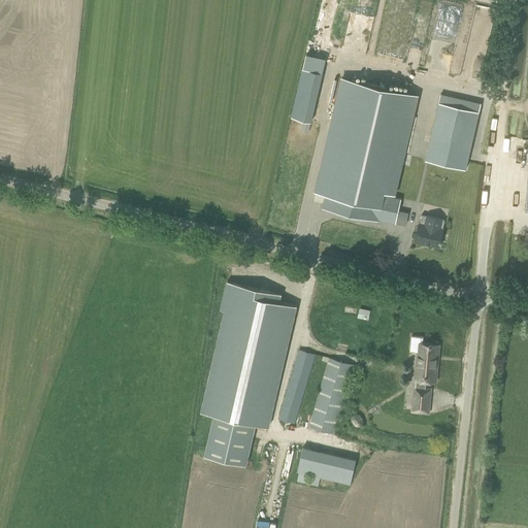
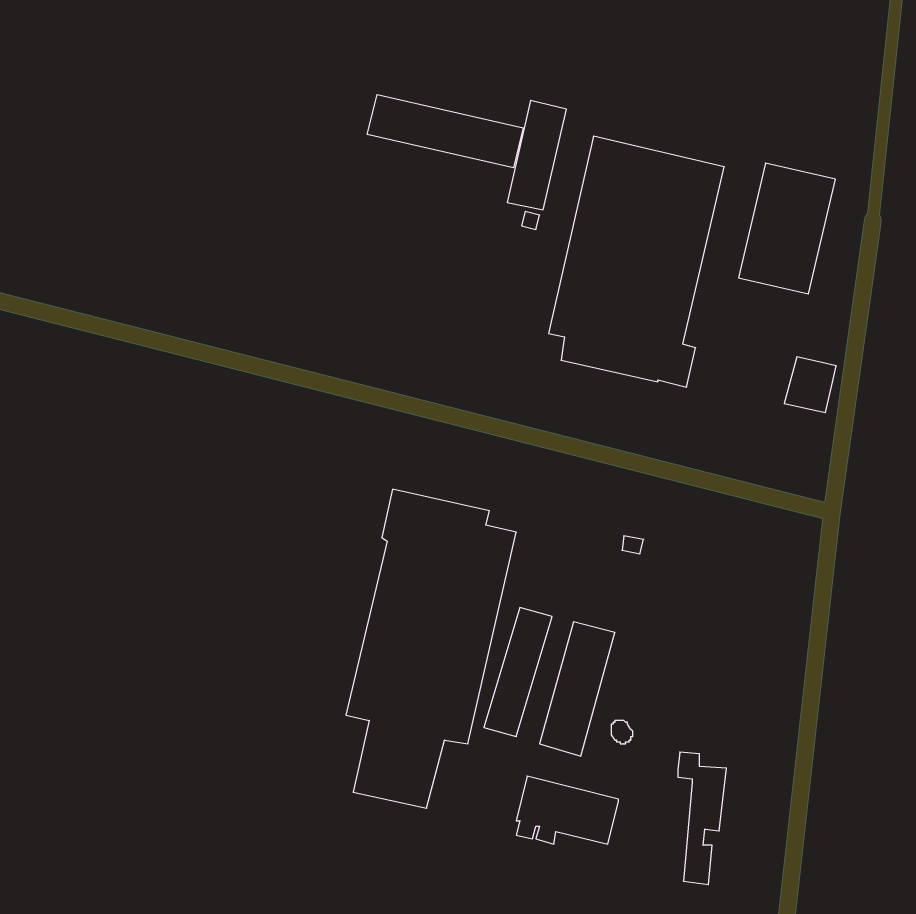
building: none -> [367,95,523,168]
building: [415,216,444,248] -> [784,357,836,413]
building: [410,337,438,414] -> [678,752,726,885]

